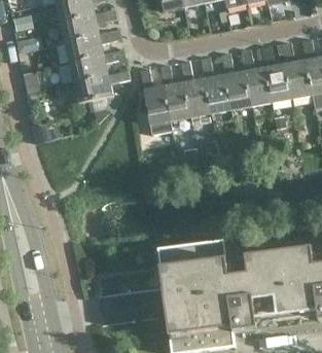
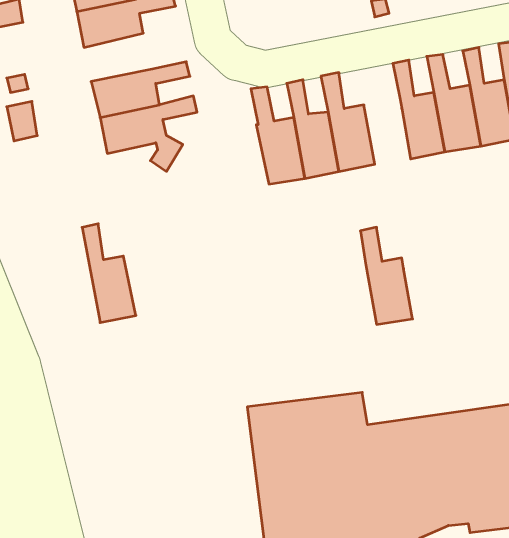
building: [65,29,121,61] -> none
building: [222,52,252,108] -> [360,227,413,324]
building: [140,67,171,123] -> [82,224,136,323]

